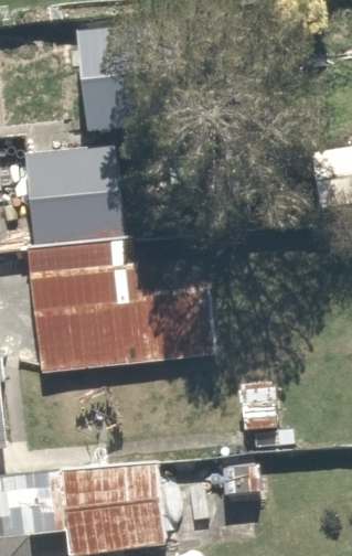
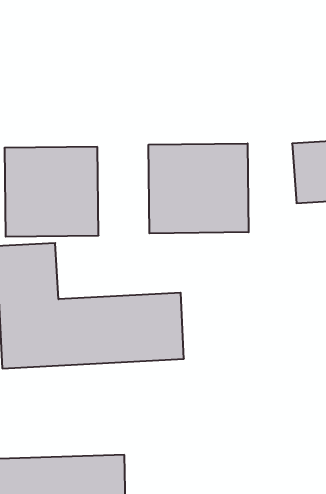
building: none -> [149,143,249,233]

